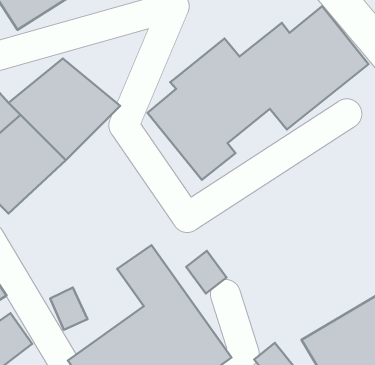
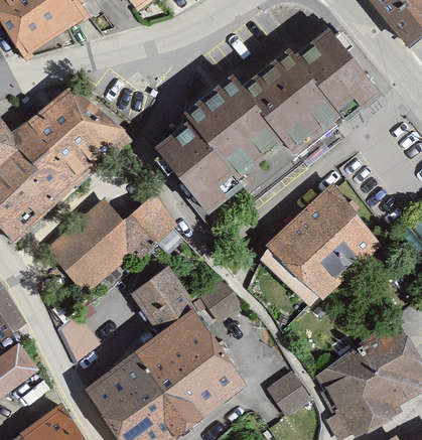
building: none -> [258,184,381,303]
building: none -> [44,192,177,296]

